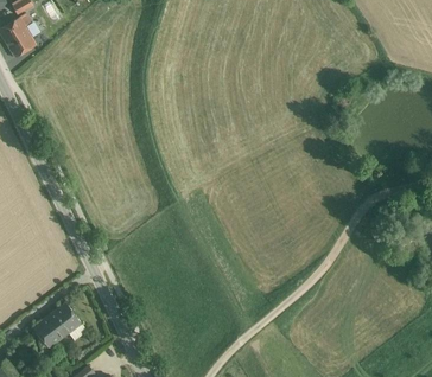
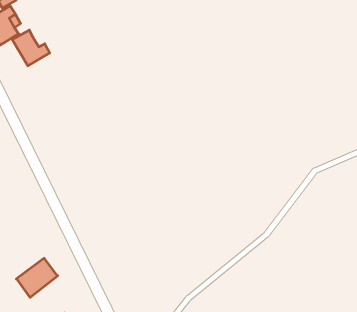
building: none -> [12,30,50,66]

